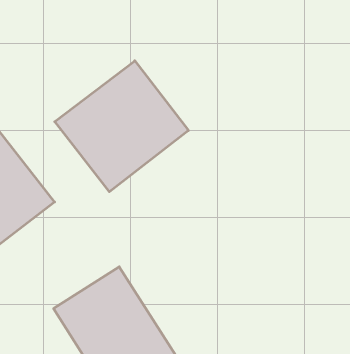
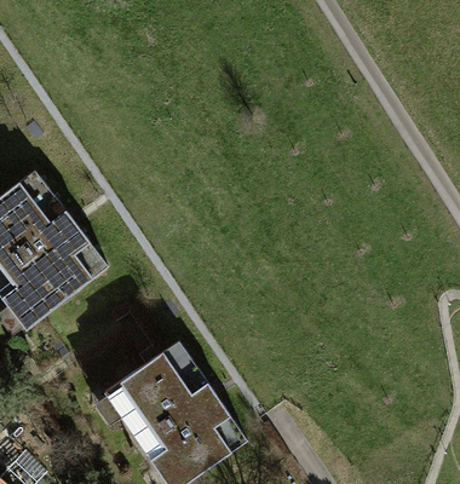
building: [55,61,188,192] -> none

